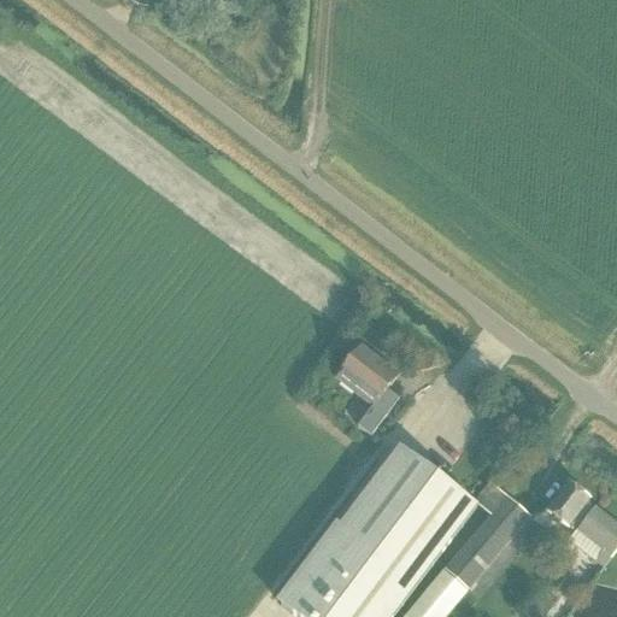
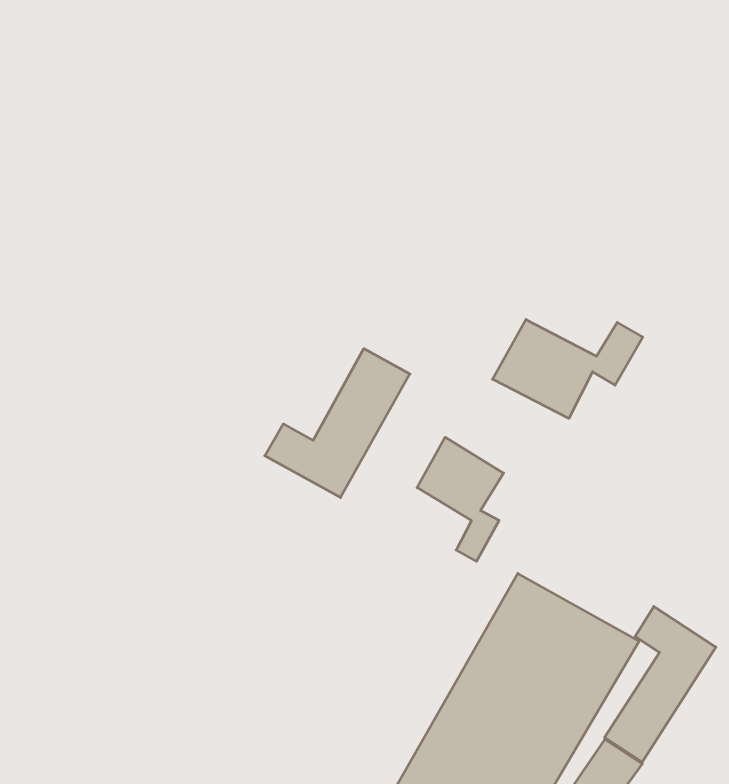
building: none -> [492,319,643,418]
building: none -> [265,349,410,498]

